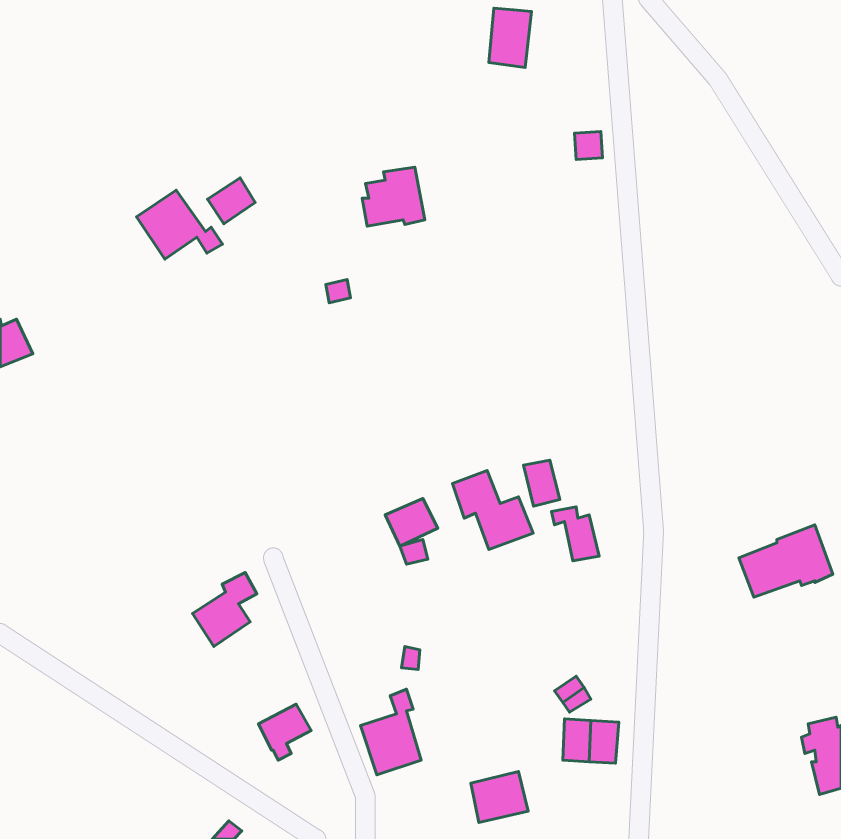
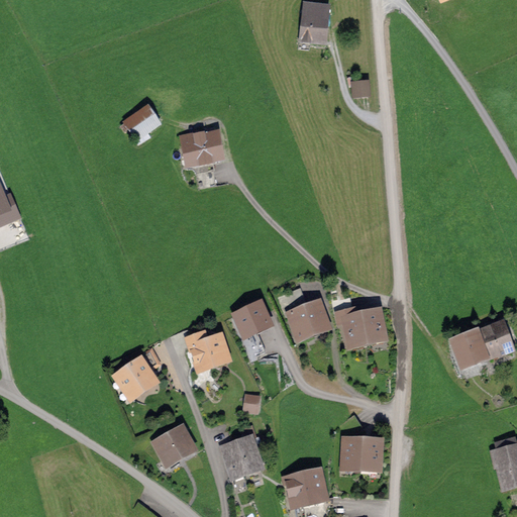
building: [362,167,425,226] -> [182,128,220,165]
building: [137,190,222,259] -> none
building: [524,460,560,506] -> [361,313,384,341]
building: none -> [187,333,226,369]

